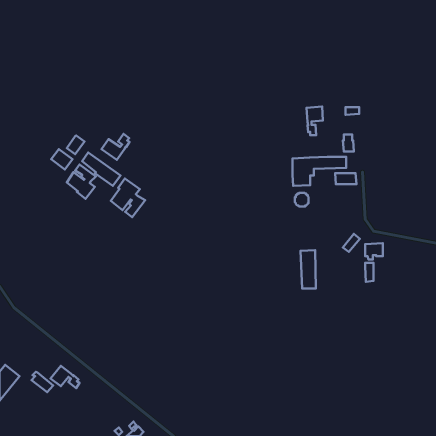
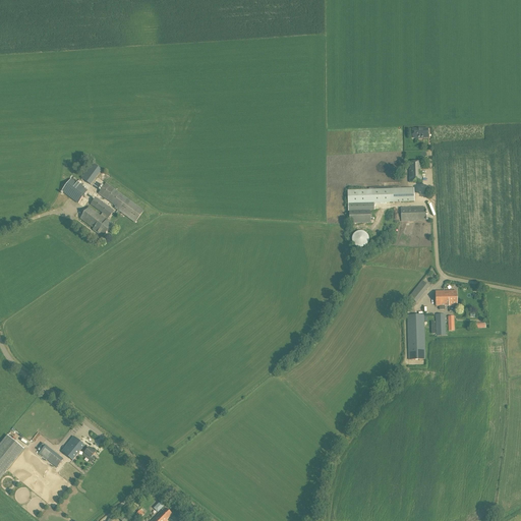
building: [307,107,323,135] -> none
building: [101,134,130,160] -> none
building: [111,178,145,217] -> none
building: [301,250,316,289] -> [406,312,424,358]

